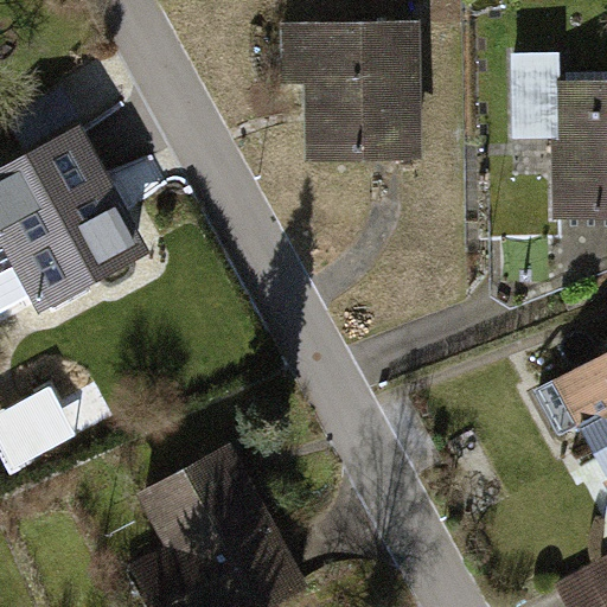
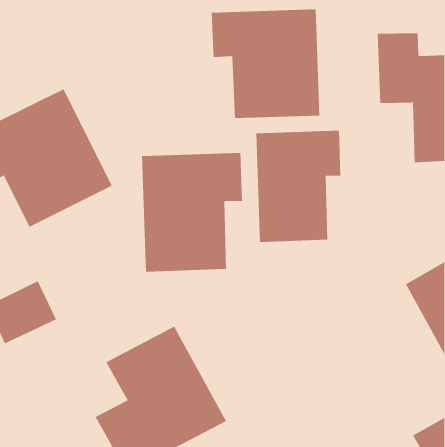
building: none -> [256,130,341,243]
building: none -> [142,152,242,273]

